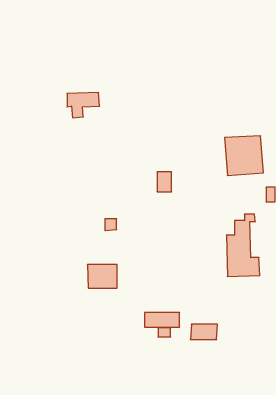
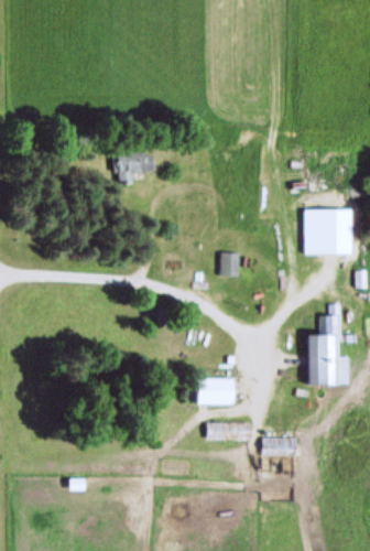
building: [87,265,117,288] -> [198,376,235,404]

